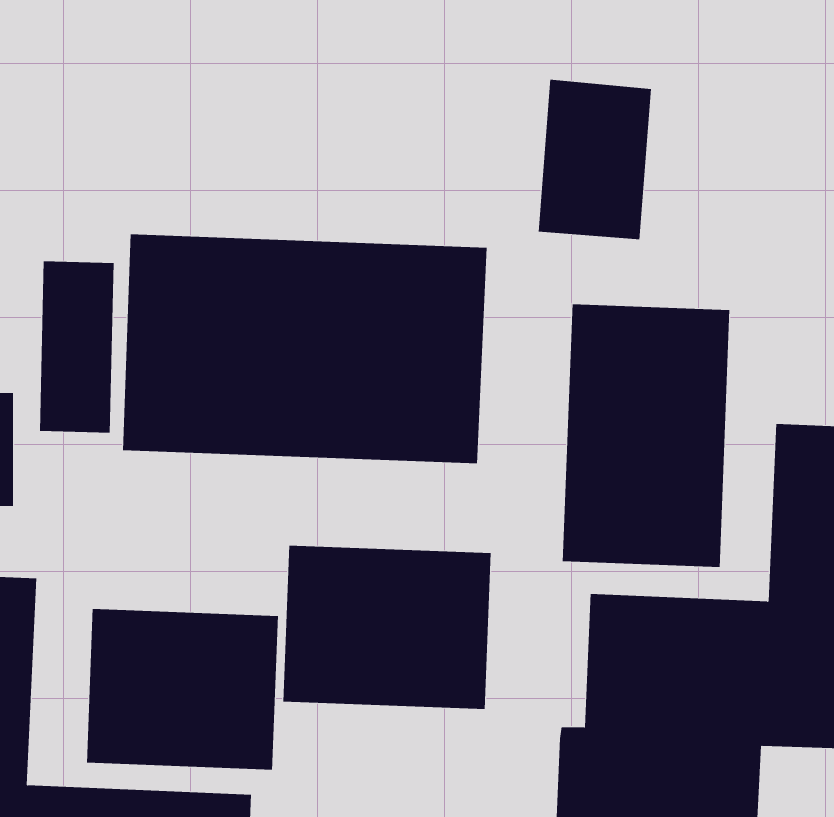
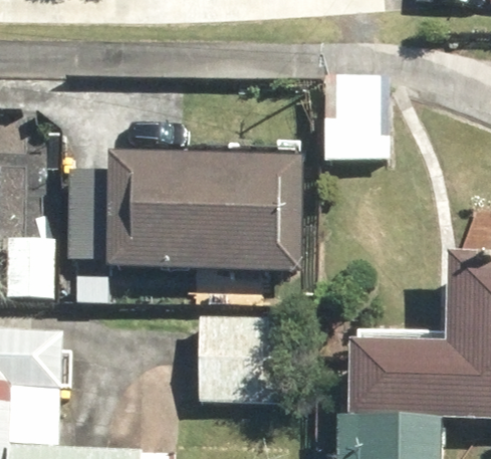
building: [562,303,730,568] -> none
building: [86,608,278,770] -> none

